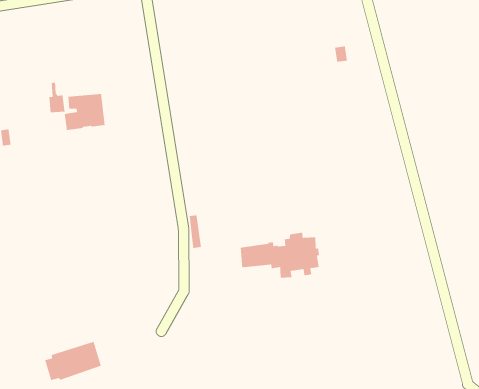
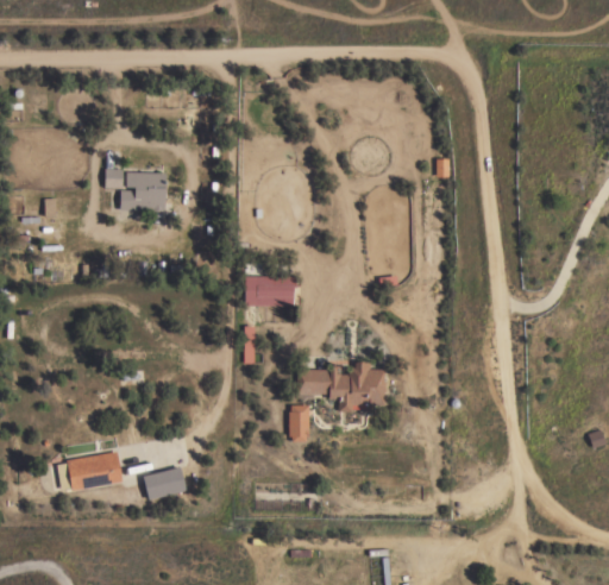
building: none -> [245,276,297,306]
building: none -> [289,405,309,442]
building: none -> [144,467,192,504]

